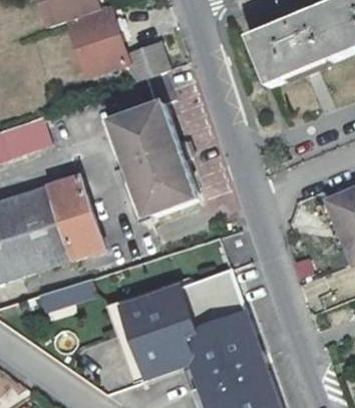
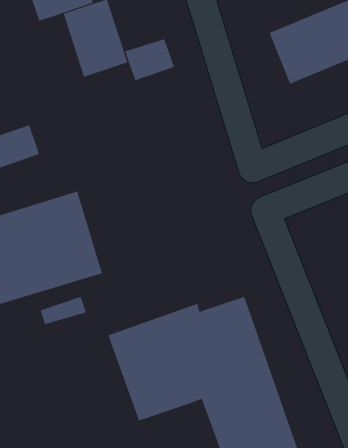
building: [112,76,199,220] -> none

